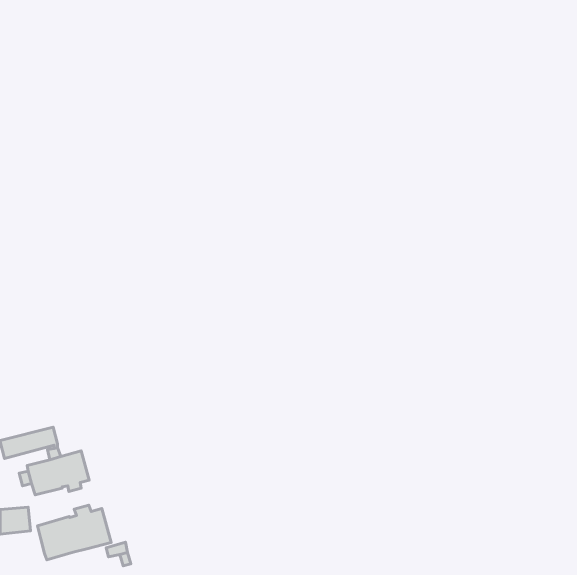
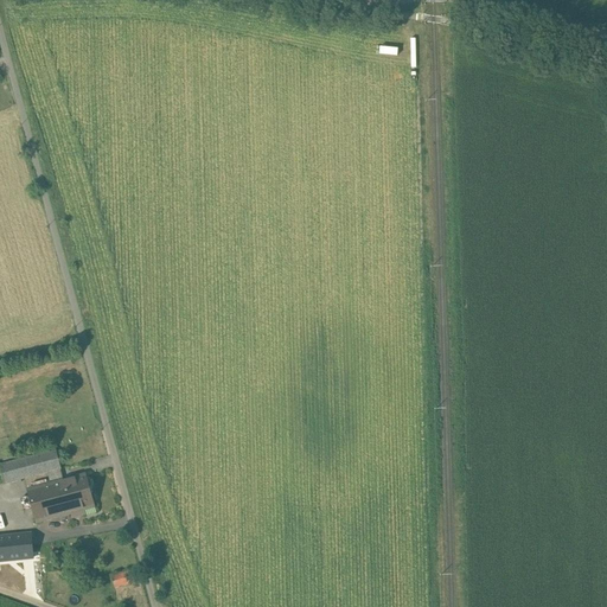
building: [38,505,111,560] -> none

